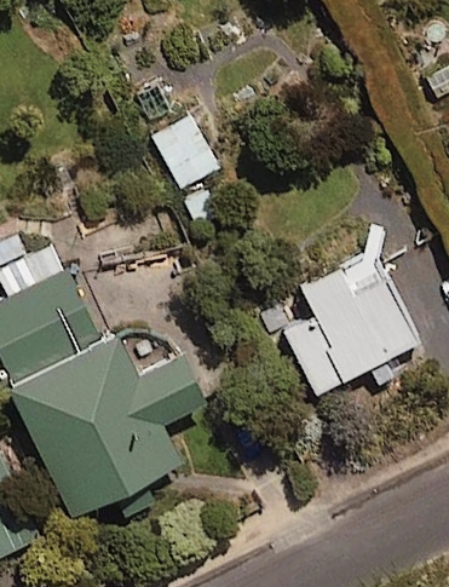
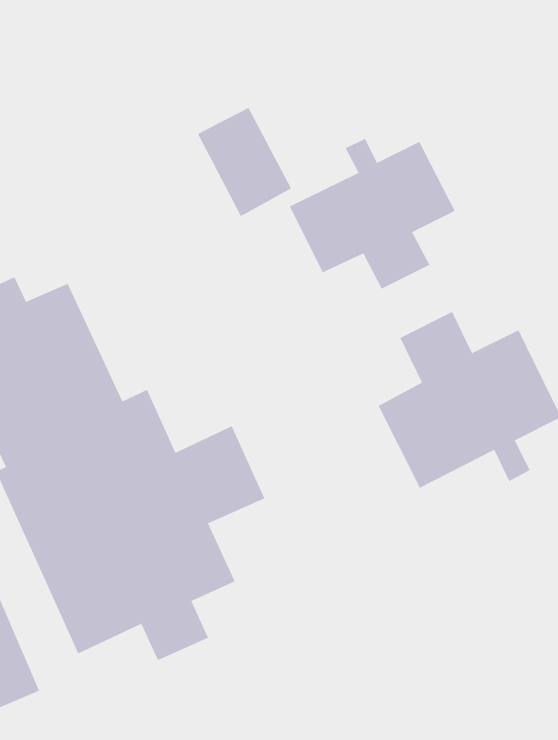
building: none -> [289,138,455,290]

